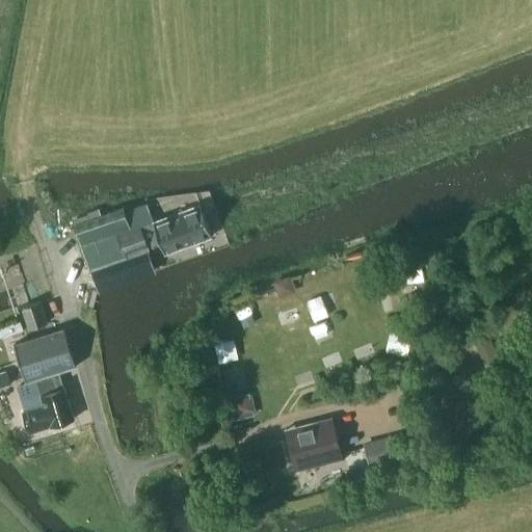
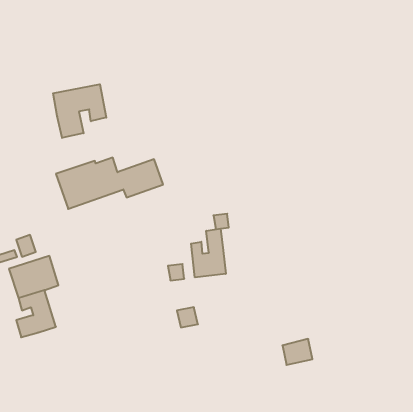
building: none -> [53,84,106,138]
building: none -> [191,229,226,277]
building: [285,417,342,469] -> none

